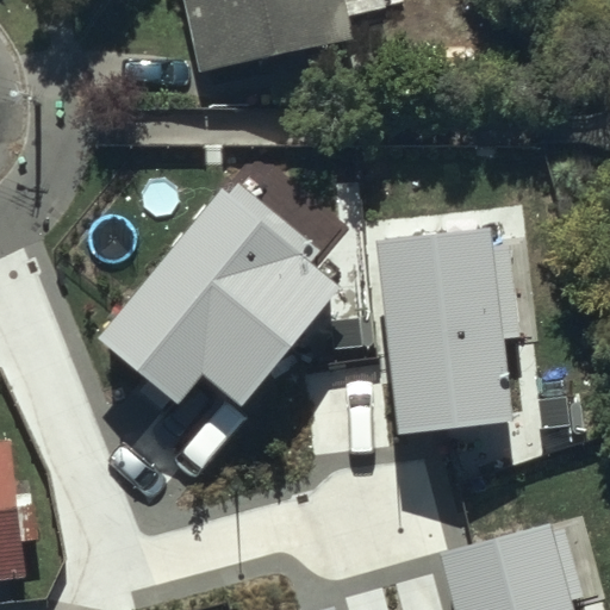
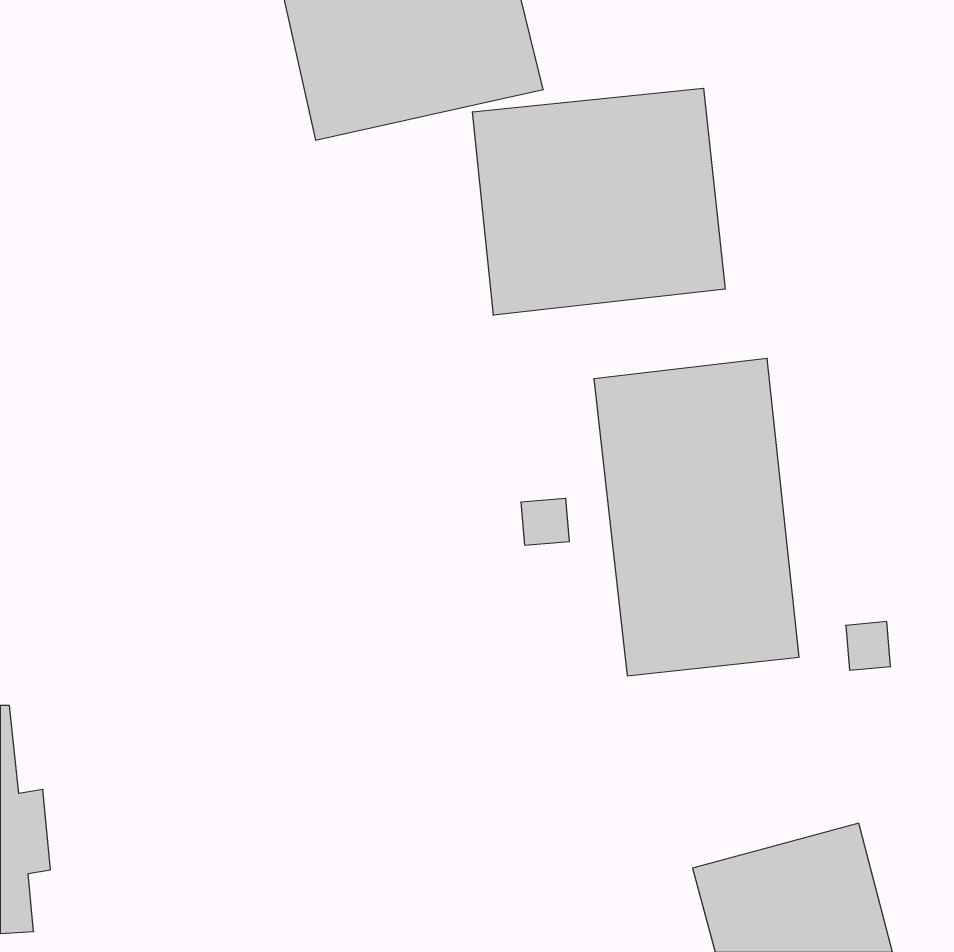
building: none -> [473,88,725,315]
building: [104,191,338,400] -> none

